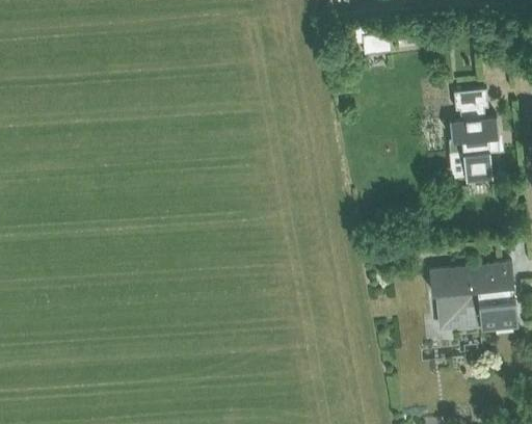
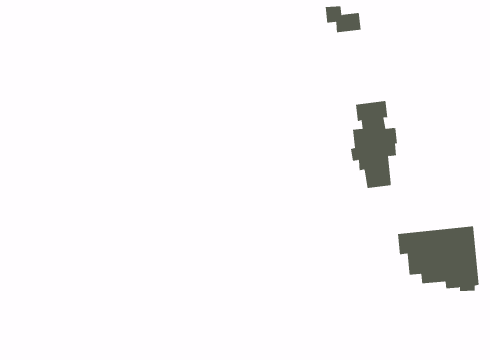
building: [448,89,499,184] -> [350,100,398,188]

